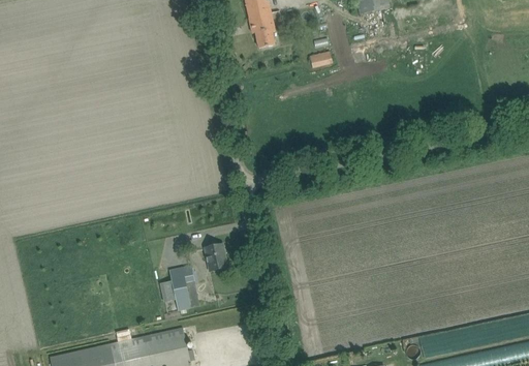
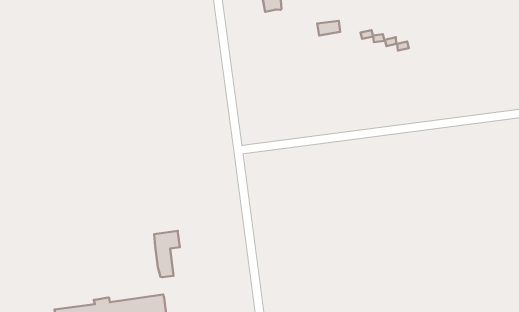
building: [205,243,226,269] -> none

